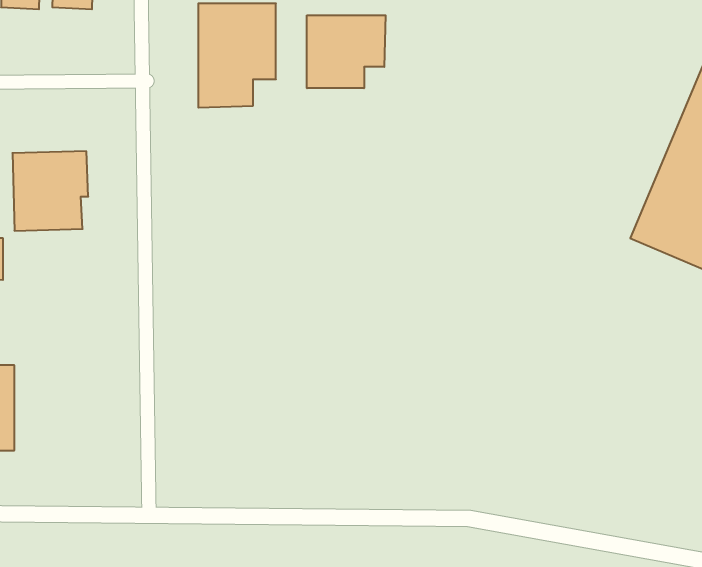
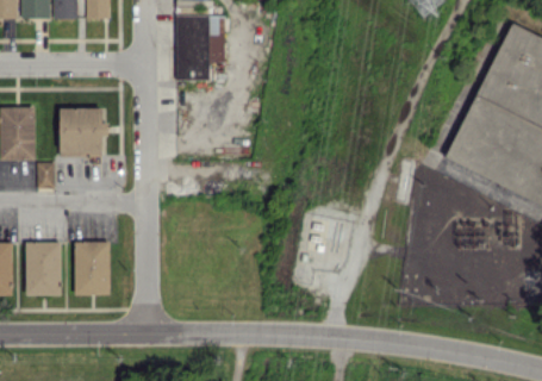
building: [307,15,386,88] -> none
building: none -> [74,241,110,294]

